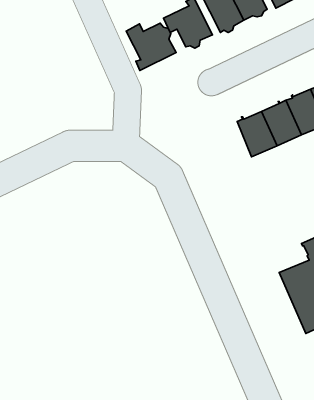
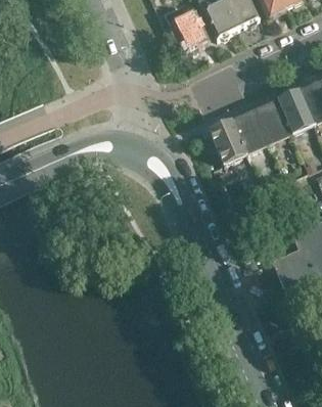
building: [126,23,176,71] -> none
building: none -> [209,120,245,165]

